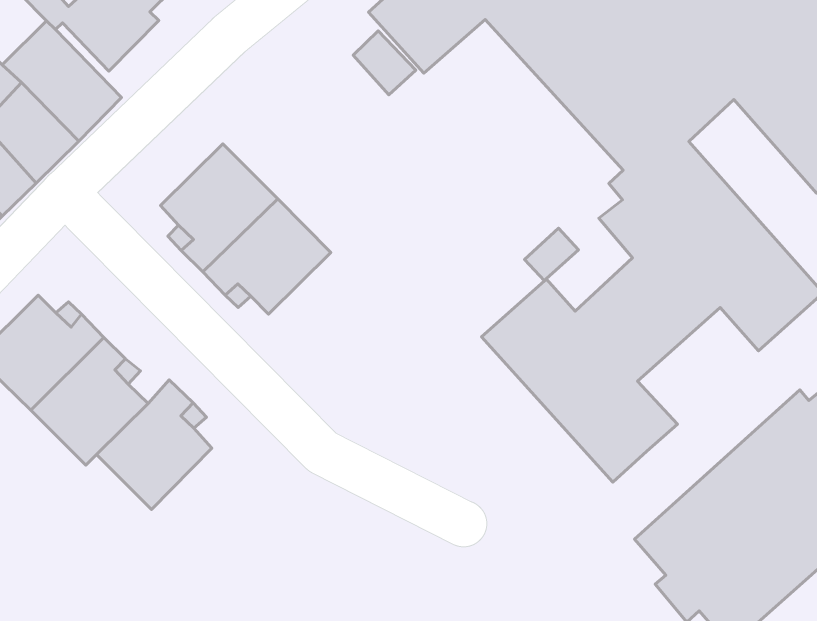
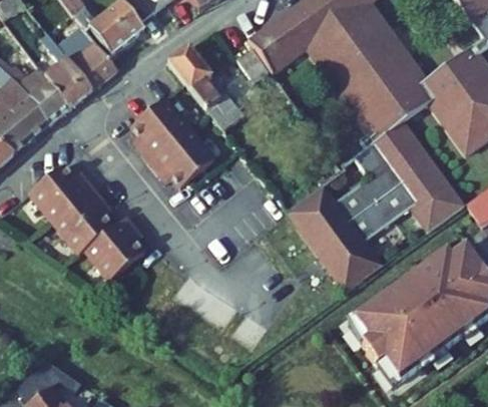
building: none -> [168,46,245,130]

